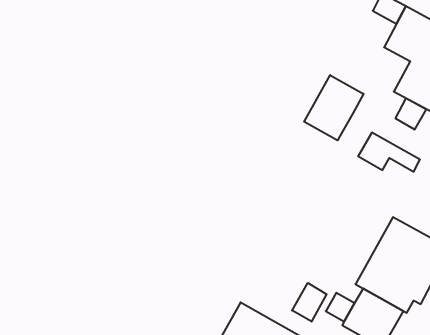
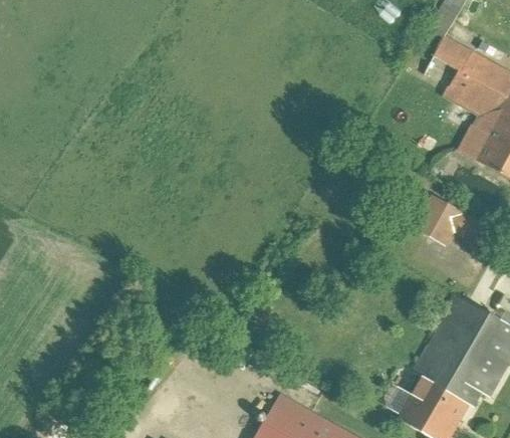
building: [304,75,364,140] -> none
building: [396,98,426,130] -> none
building: [292,283,327,322] -> none

